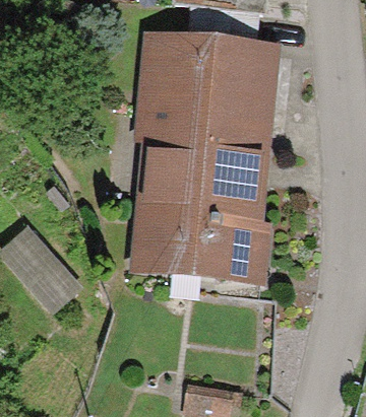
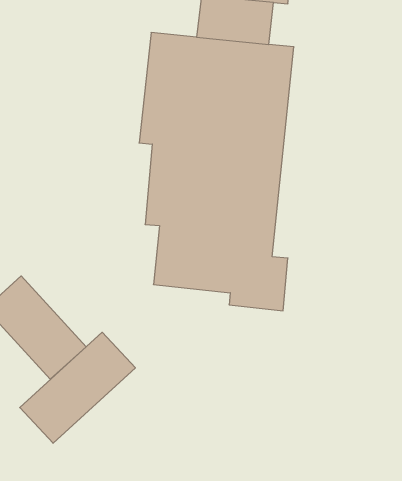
building: none -> [20,332,135,443]

